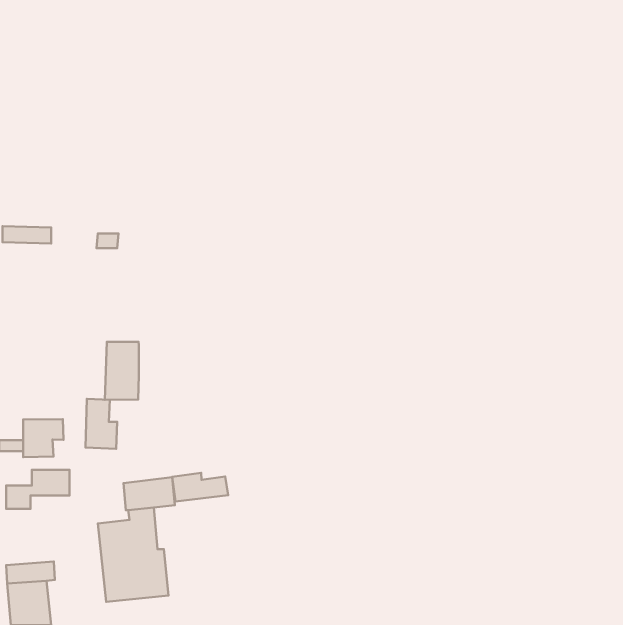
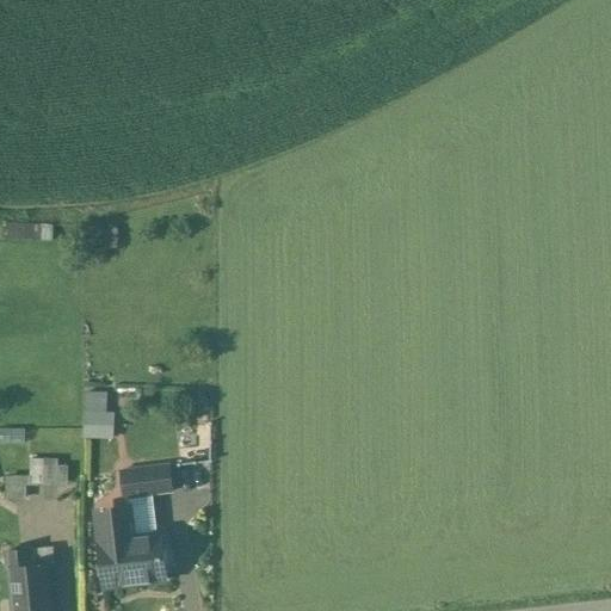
building: [105,342,139,400] -> none
building: [23,419,64,457] -> none
building: [172,473,228,501] -> none

